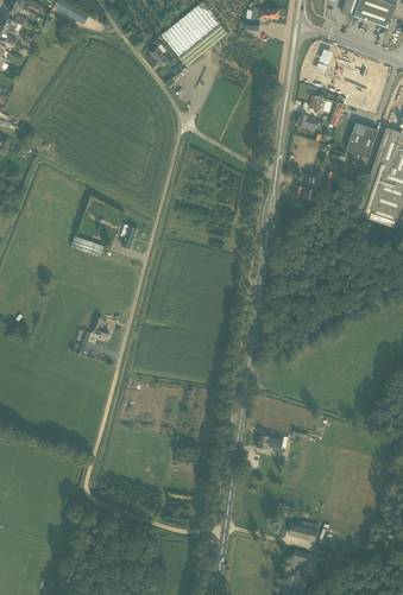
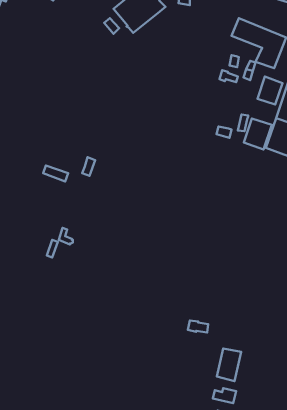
building: none -> [244,119,272,150]
building: none -> [217,348,241,381]

